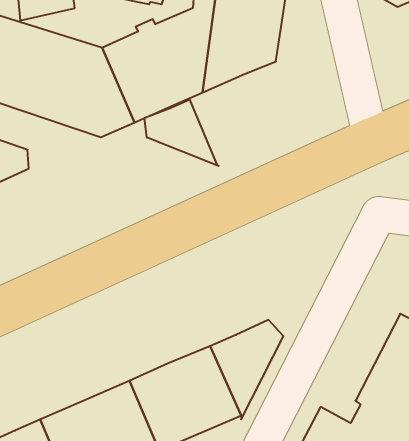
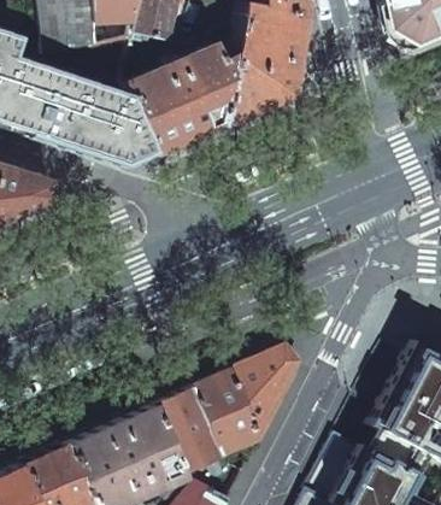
building: [145,99,219,166] -> none

